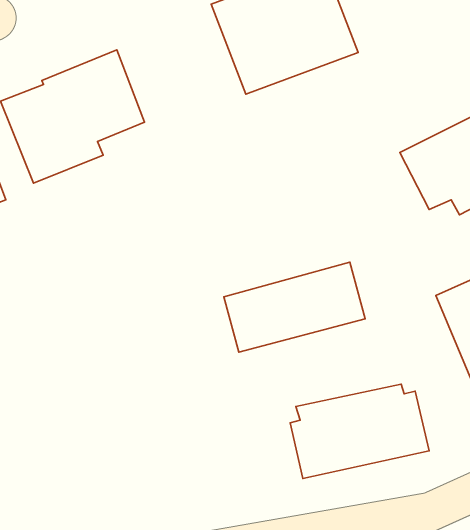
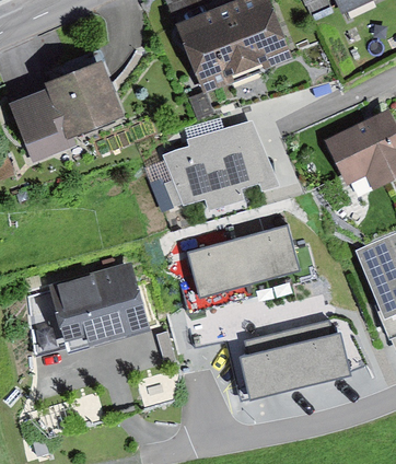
building: none -> [164,117,278,210]
building: none -> [27,265,150,358]

